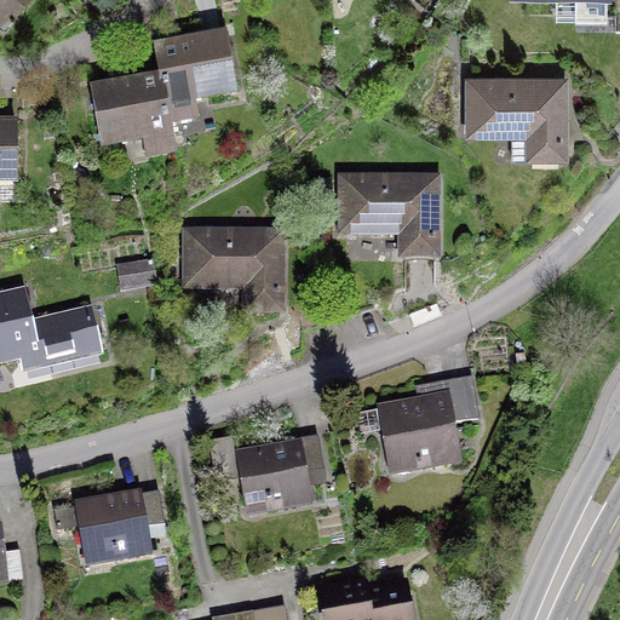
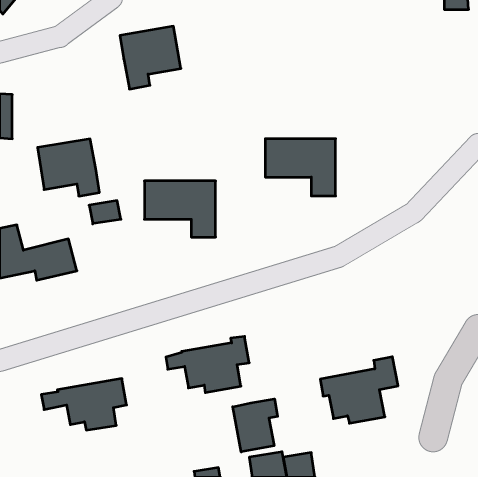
building: [92,76,172,150] -> [38,139,99,196]
building: [470,80,562,153] -> none
building: [377,379,477,465] -> [320,357,398,423]
building: none -> [233,399,278,452]

